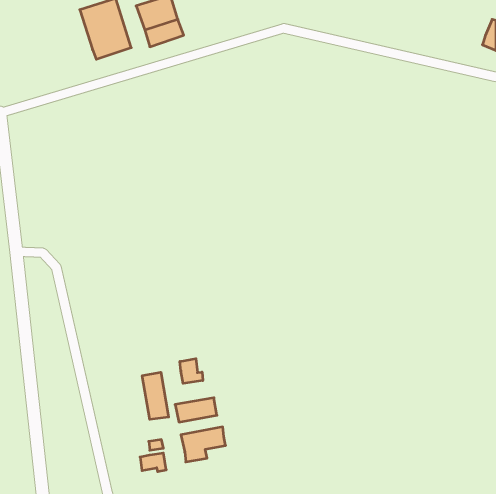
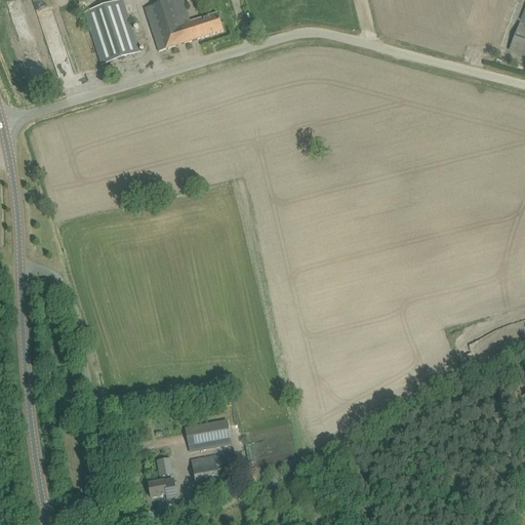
building: none -> [188,11,221,37]
building: [180,359,203,383] -> none
building: [142,372,169,419] -> none

